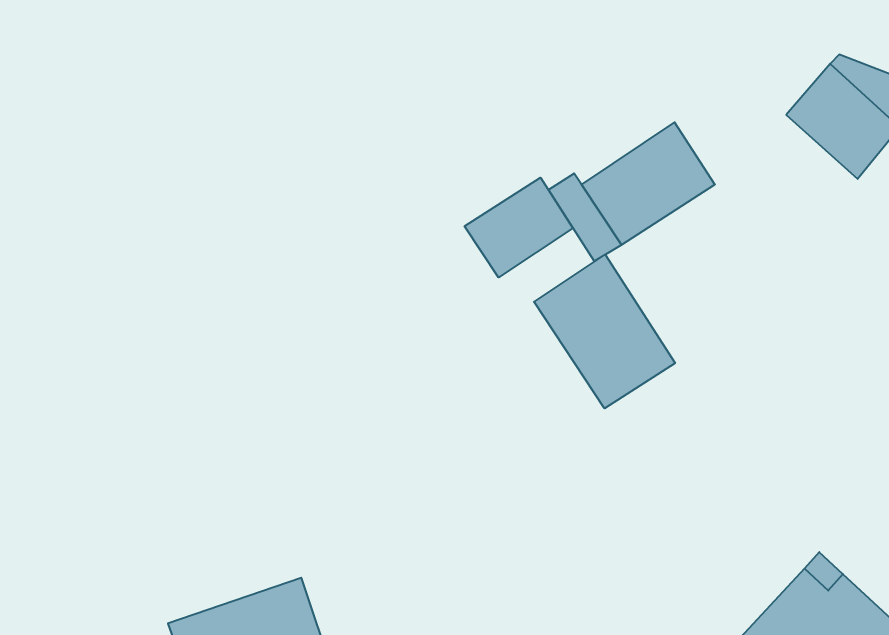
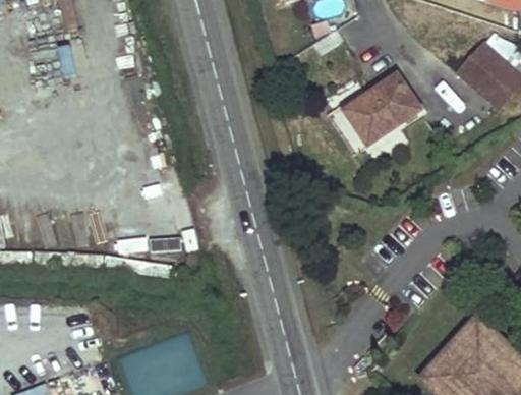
building: [465,178,573,277] -> none
building: [534,255,675,408] -> none

